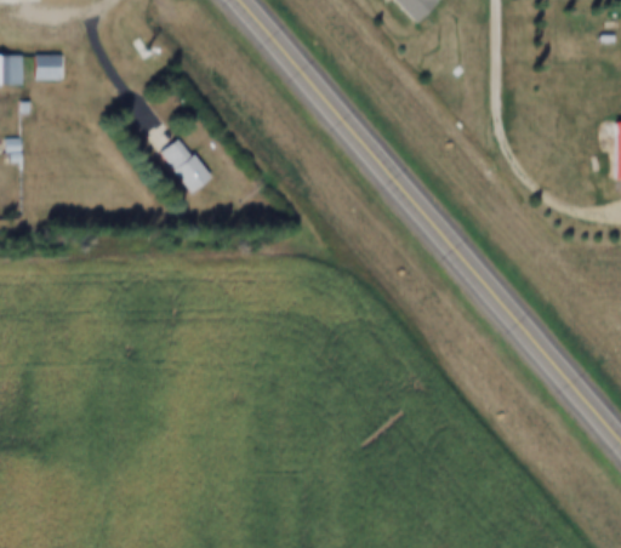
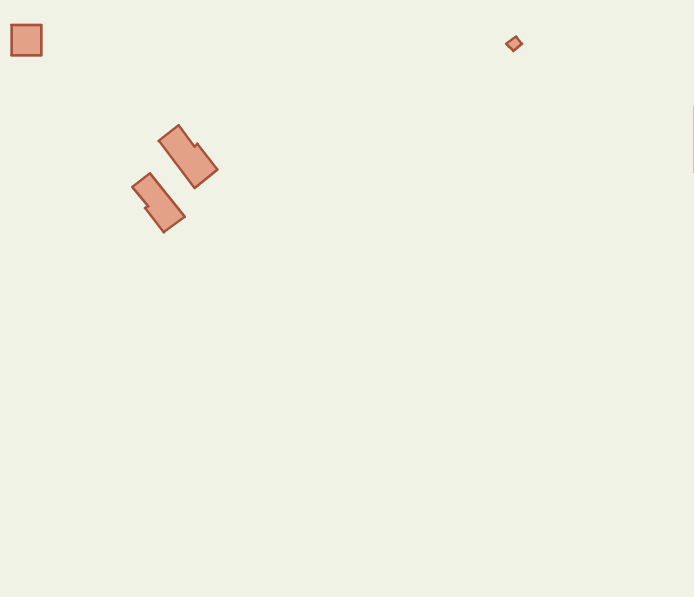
building: none -> [132,173,185,232]

